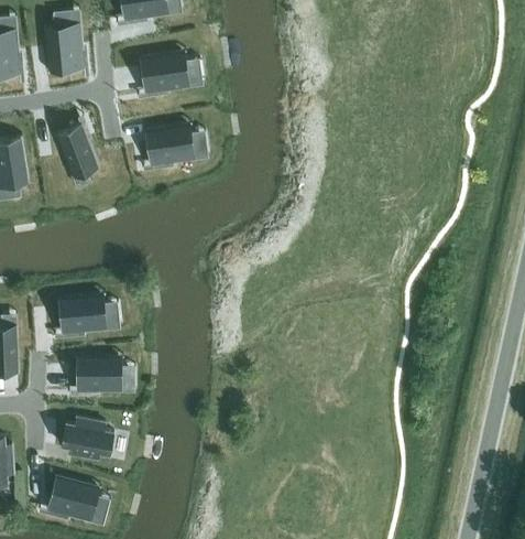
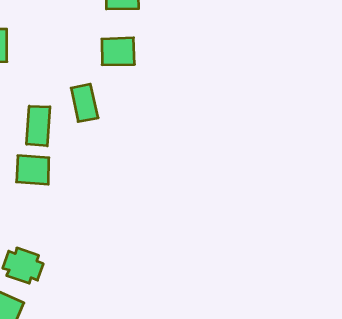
building: [58,125,99,175] -> [71,84,98,122]
building: none -> [27,106,50,146]
building: [77,357,120,391] -> none

